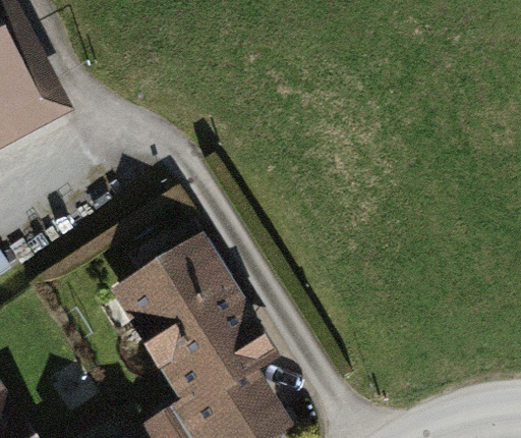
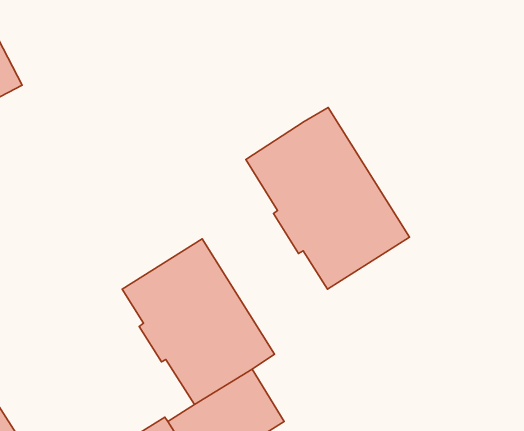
building: none -> [246,107,410,289]

